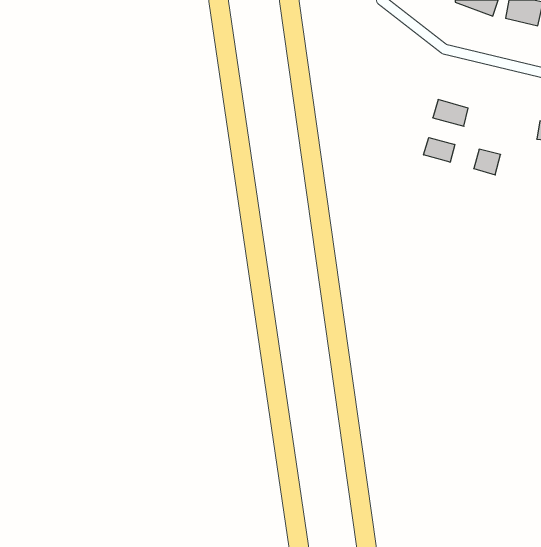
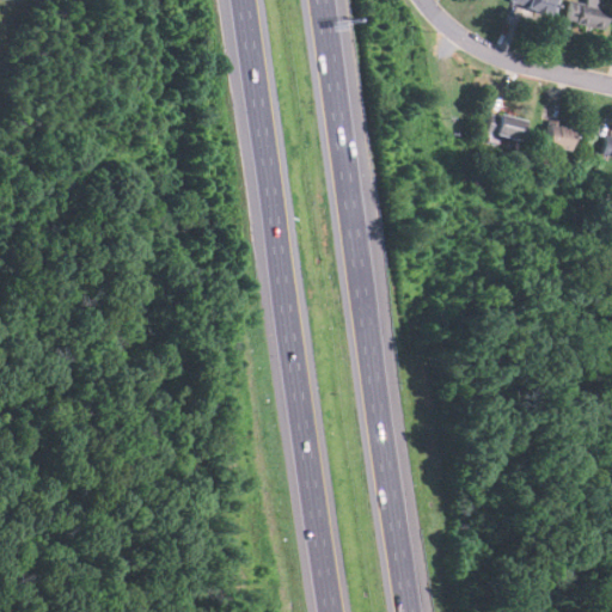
building: [424,138,455,162] -> none
building: [474,149,501,175] -> [549,123,579,152]

